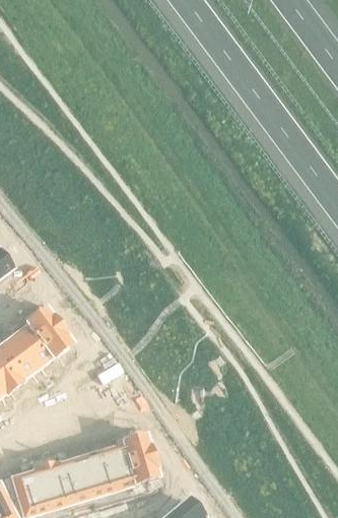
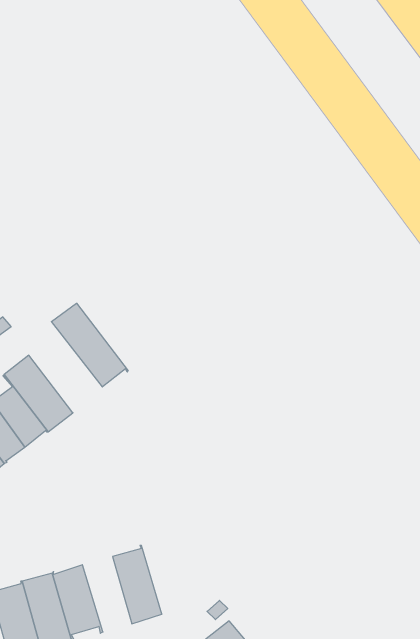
building: none -> [51,303,128,387]
building: [123,436,160,493] -> none
building: [79,450,116,506] -> none

